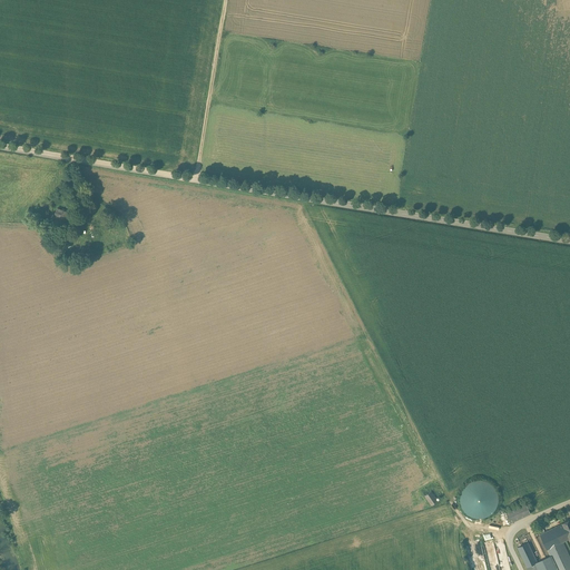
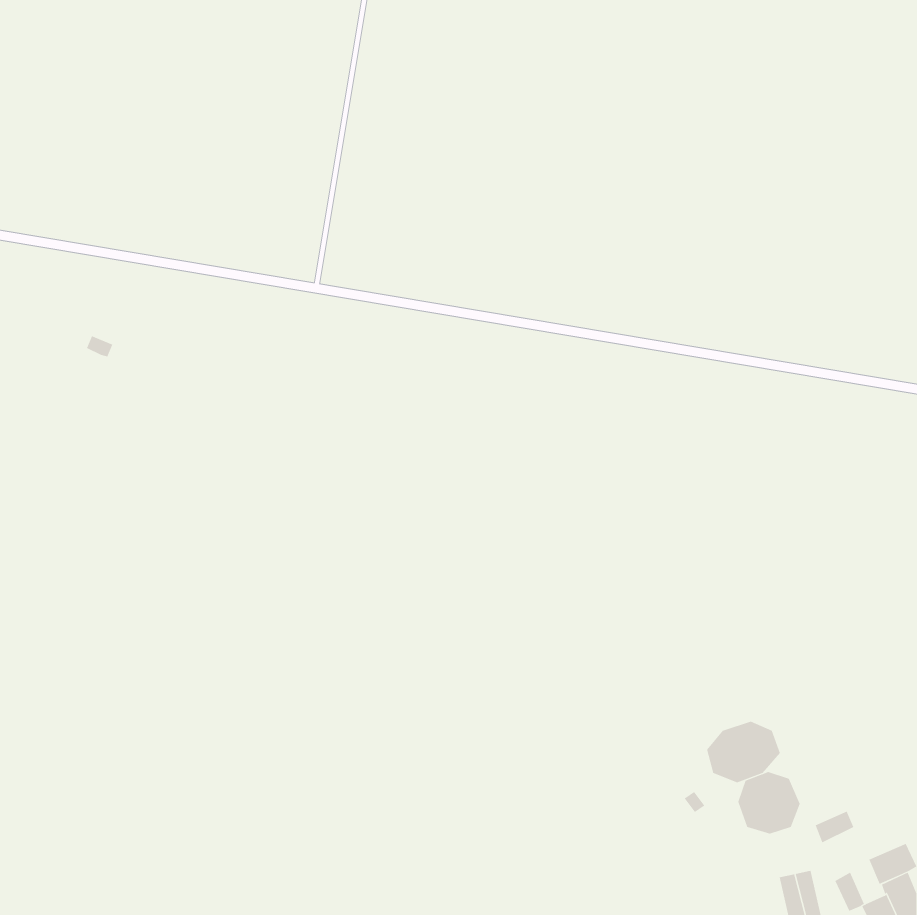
building: none -> [707,721,780,783]

